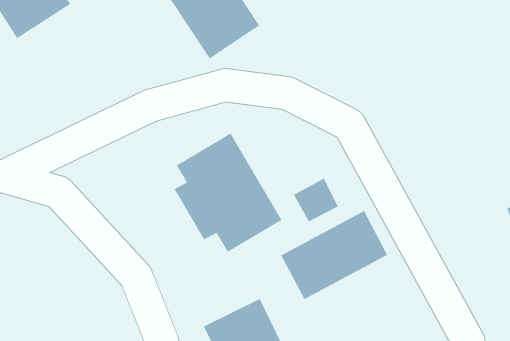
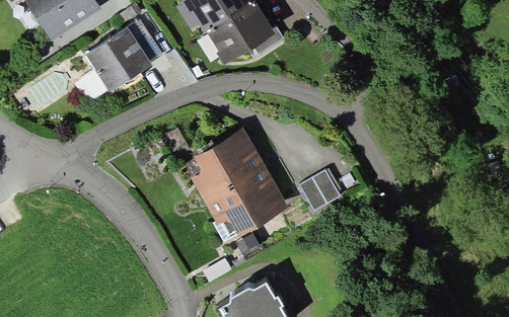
building: none -> [86,28,150,89]
building: [280,210,388,300] -> none

